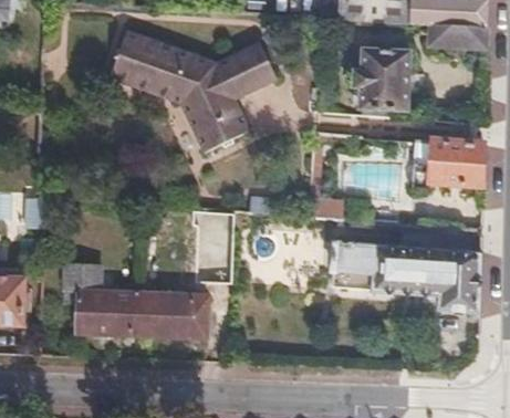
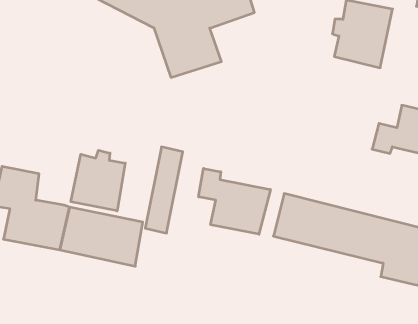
building: none -> [71,150,125,211]
building: none -> [199,168,270,234]

